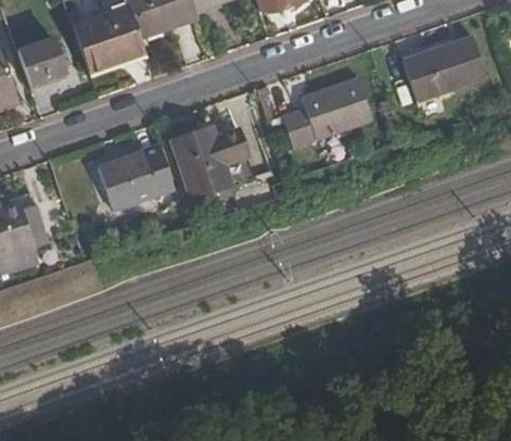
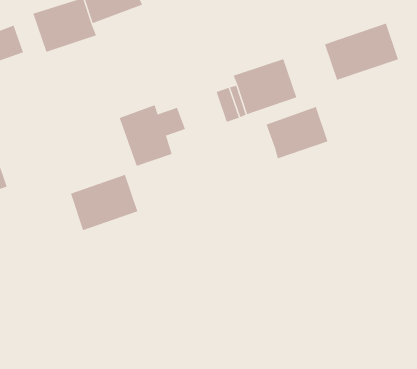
building: none -> [266,106,328,159]
building: [98,144,175,209] -> [70,174,138,231]

